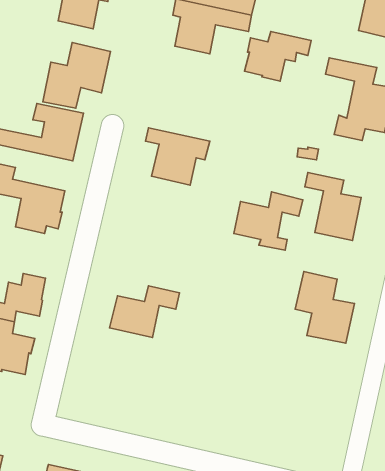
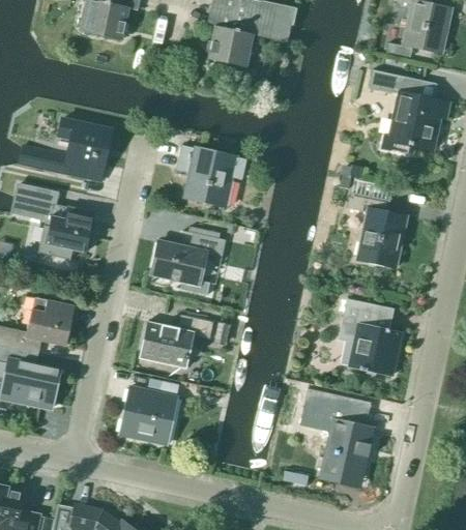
building: [244,32,311,81] -> none
building: [43,42,111,108] -> none
building: [234,192,303,250] -> [152,232,226,294]
building: none -> [118,388,178,443]
building: none -> [318,403,371,479]

